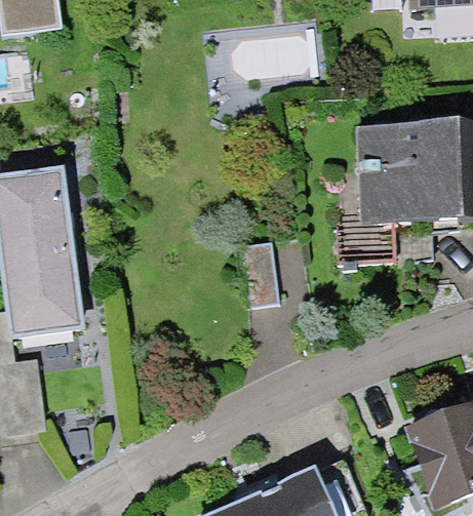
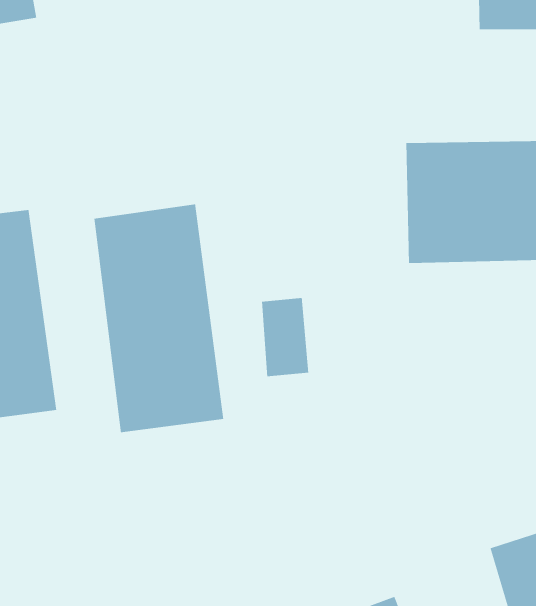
building: none -> [94,204,224,433]

